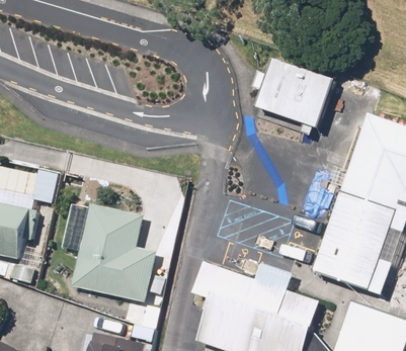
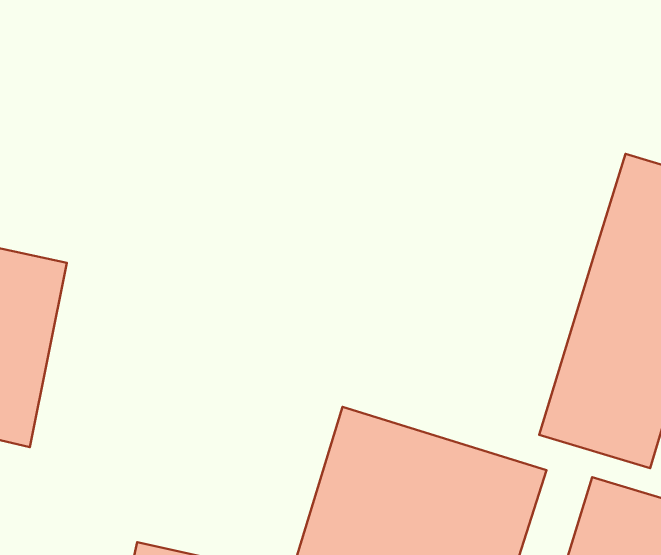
building: [254,58,337,129] -> none
building: [65,200,151,306] -> none

